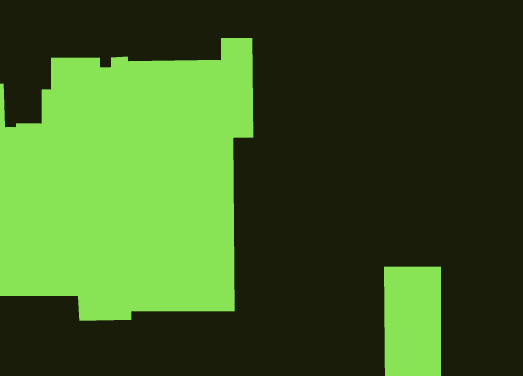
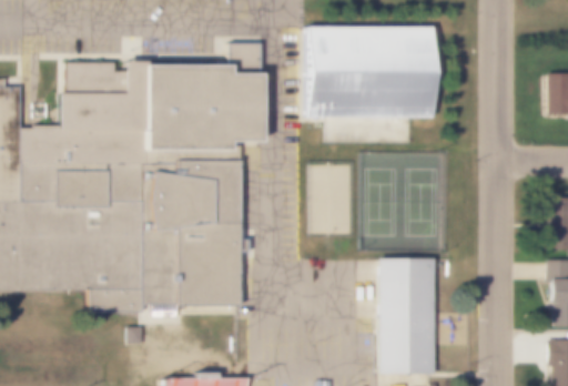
building: none -> [312,27,437,143]

